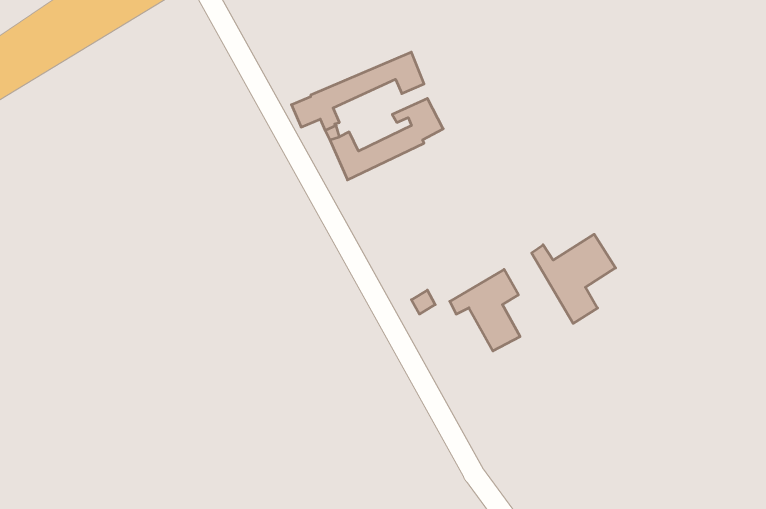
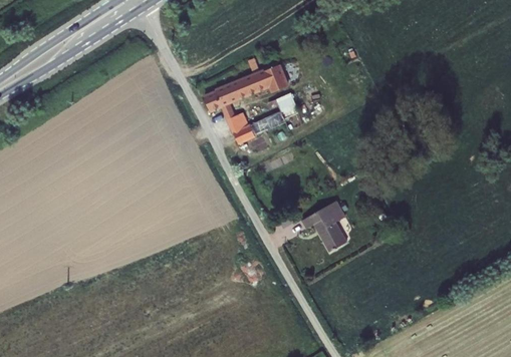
building: [532,234,616,323] -> none

